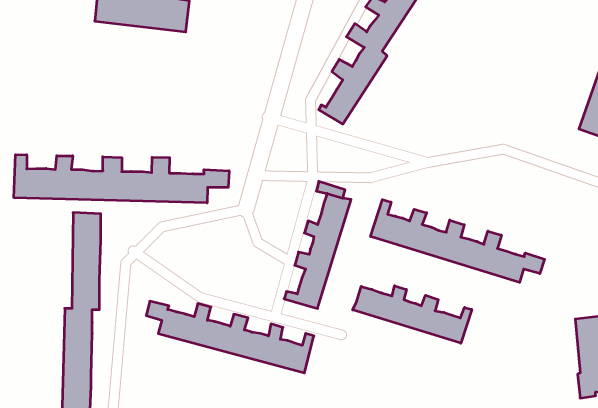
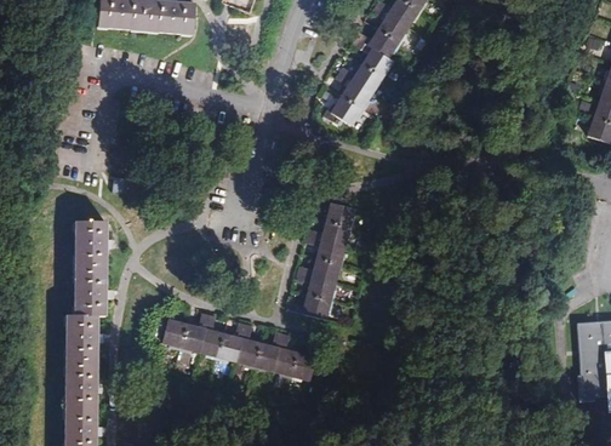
building: [14,155,229,203] -> none
building: [371,200,545,282] -> none
building: [353,286,472,343] -> none

